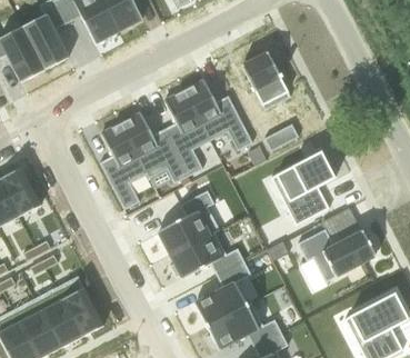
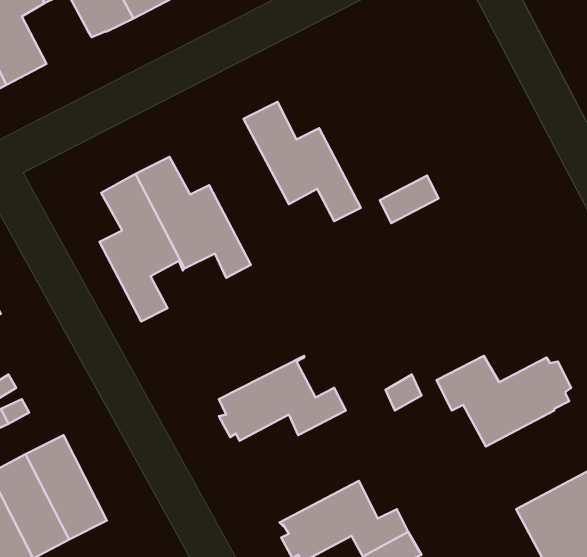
building: [241,50,290,109] -> none
building: [163,89,210,175] -> none
building: [270,150,334,225] -> none
building: [158,189,219,253] -> none
building: [194,260,251,326] -> none

